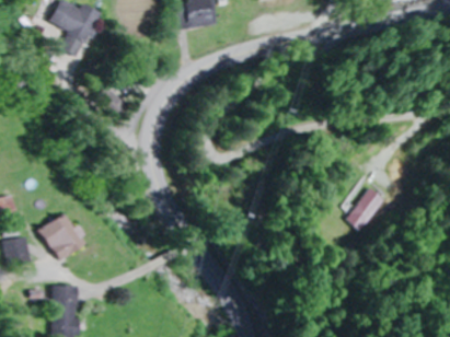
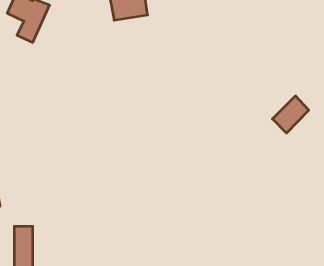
building: [342,185,386,231] -> [272,96,309,133]
building: [43,214,82,258] -> none

